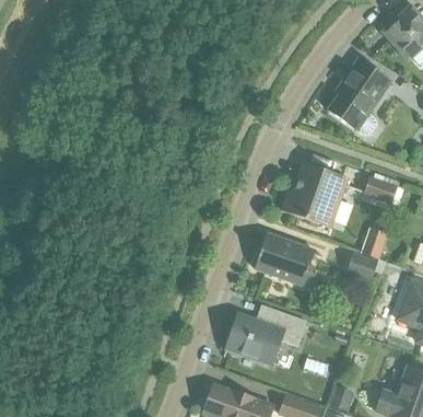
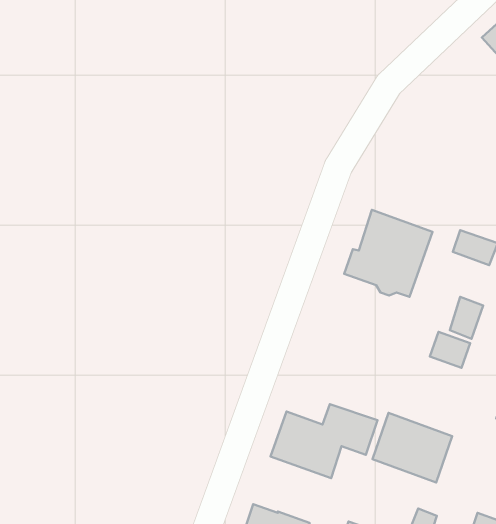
building: [328,57,391,132] -> none
building: [255,232,315,285] -> [373,413,452,482]

